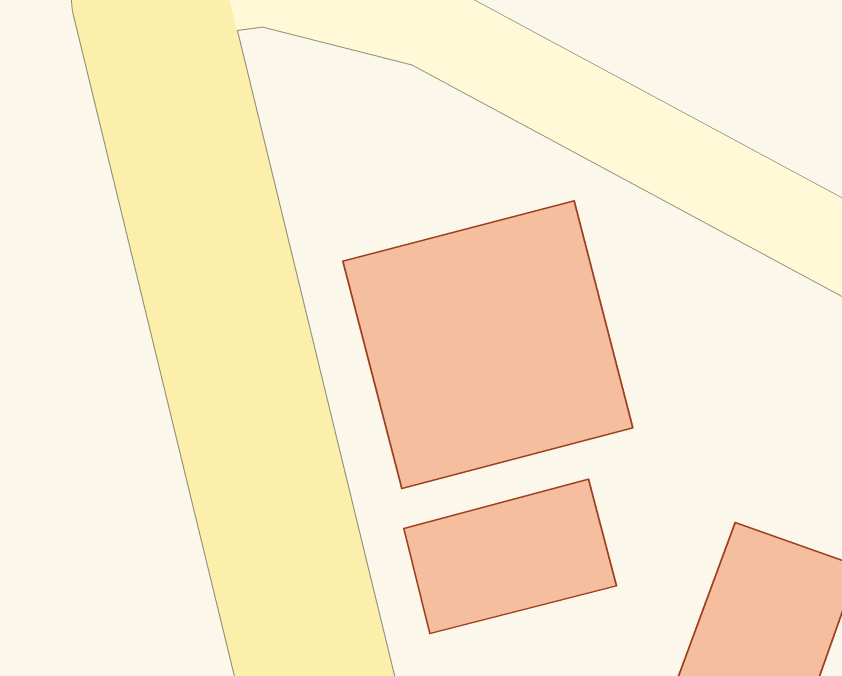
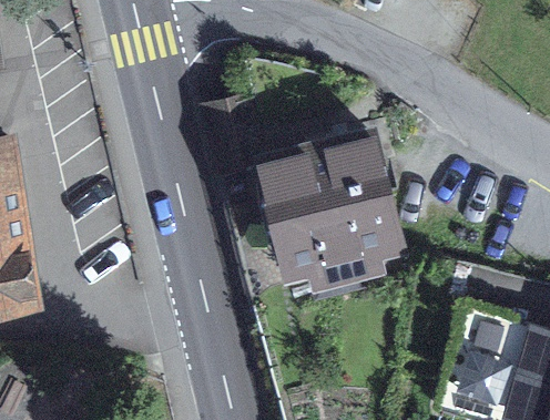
building: [404,479,616,633] -> none

